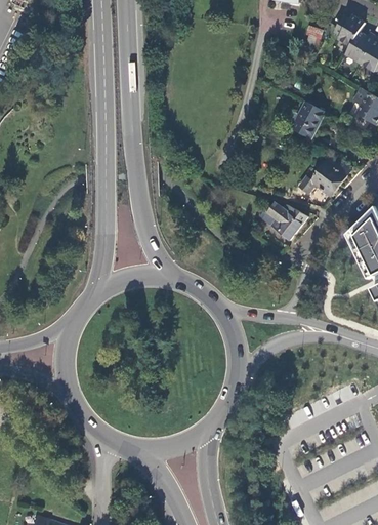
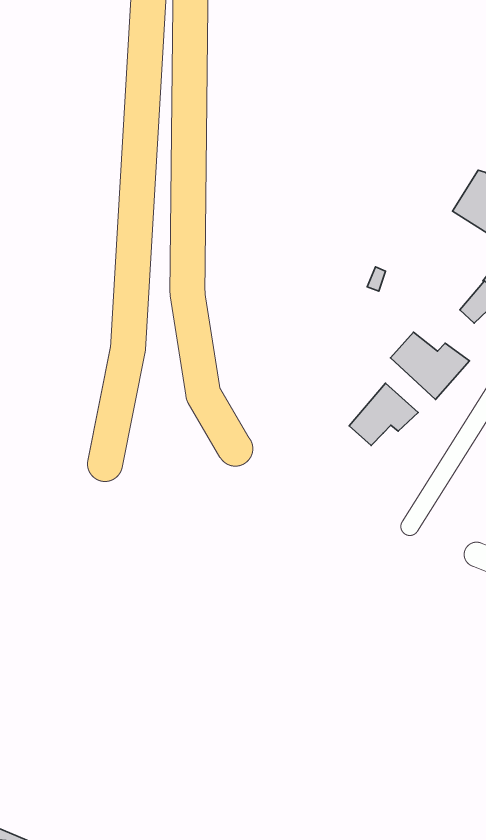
building: none -> [349,383,418,445]

